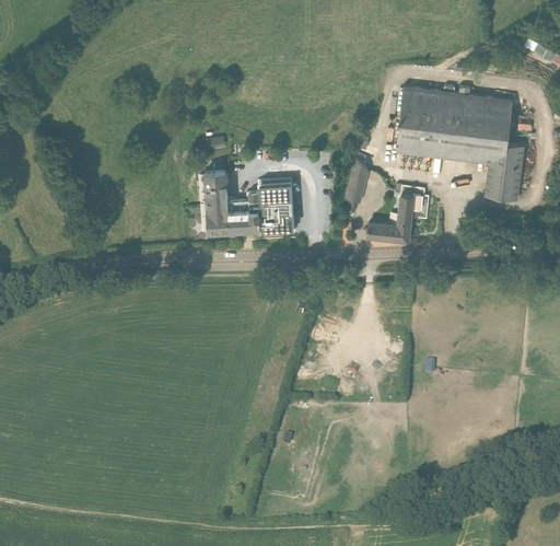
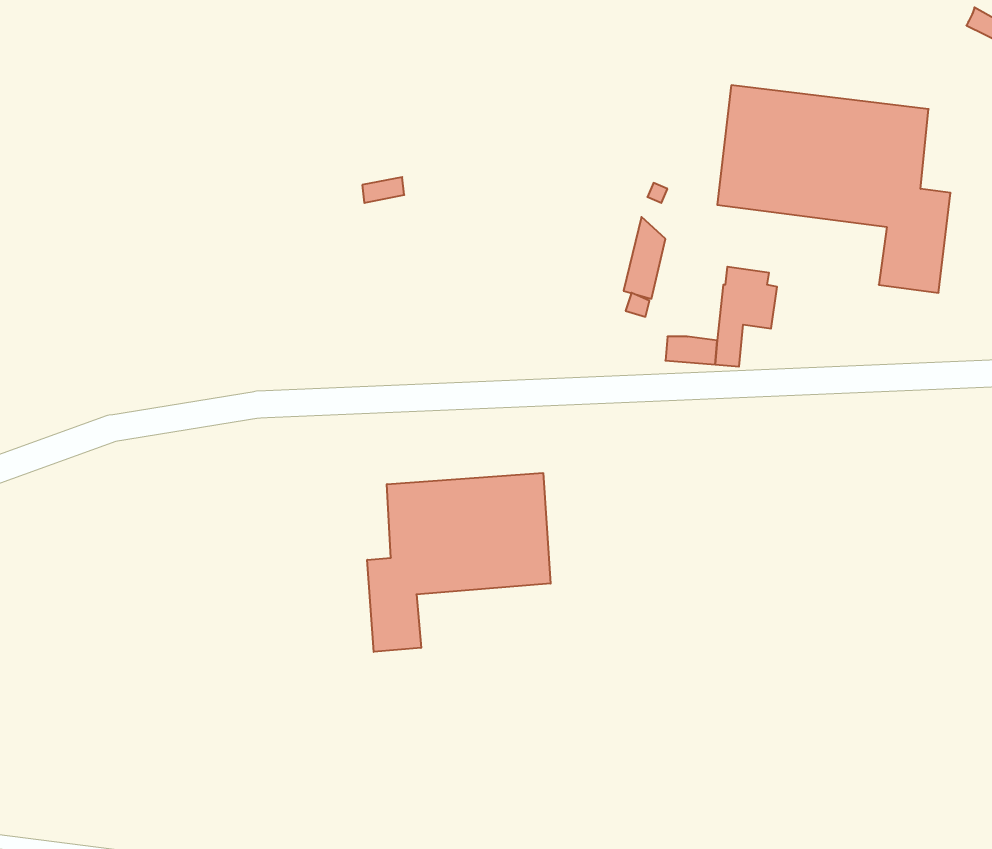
building: [205,171,290,234] -> none
building: none -> [367,473,551,652]

